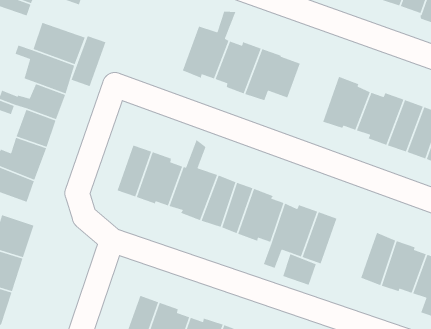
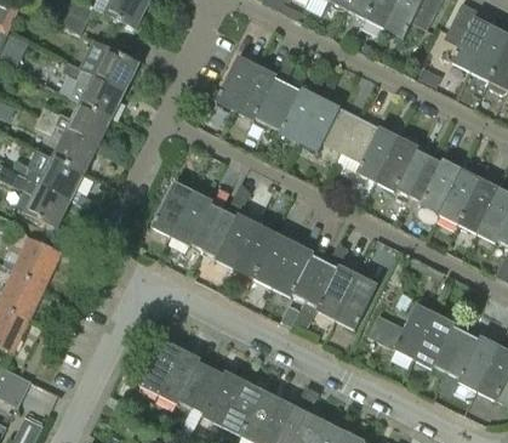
building: [71,35,107,87] -> [215,55,257,109]
building: none -> [336,117,396,181]
building: [282,253,317,286] -> [366,312,404,348]

